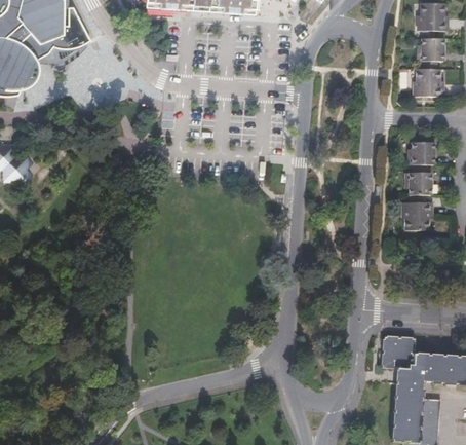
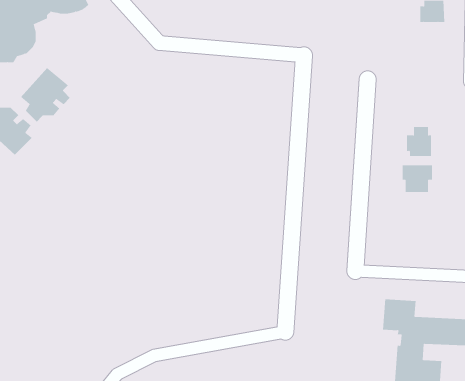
building: [414,68,444,95] -> none
building: none -> [20,67,70,122]
building: [409,142,433,163] -> none

